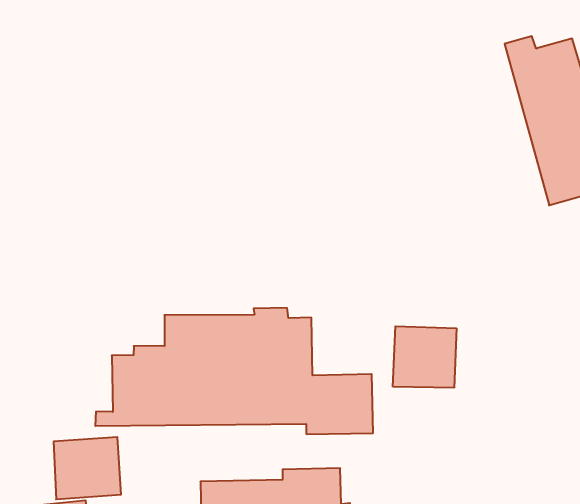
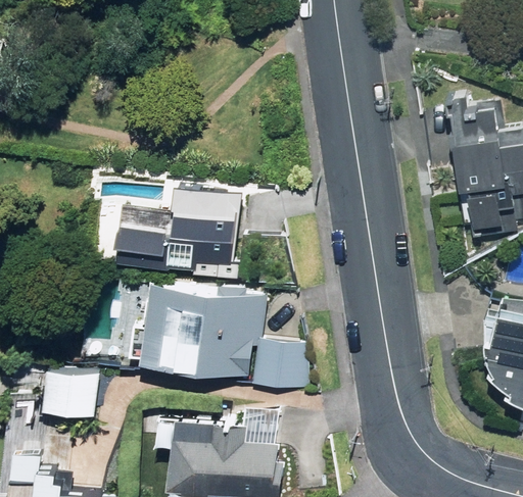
building: none -> [115,191,242,282]
building: [393,326,456,388] -> none

